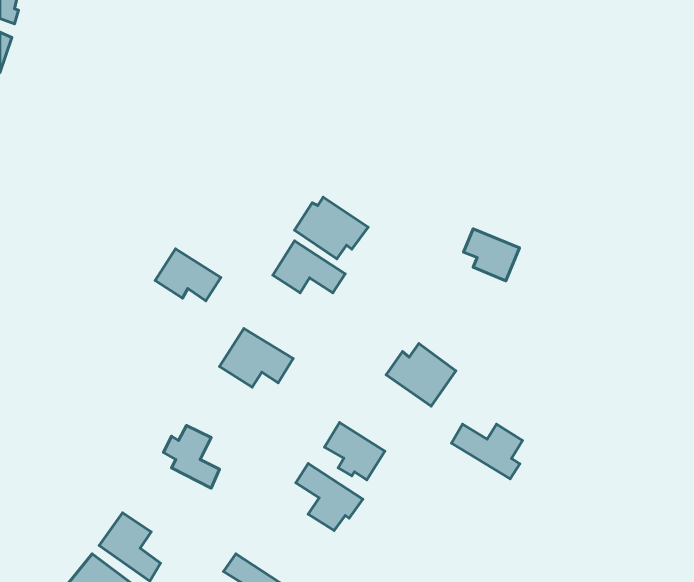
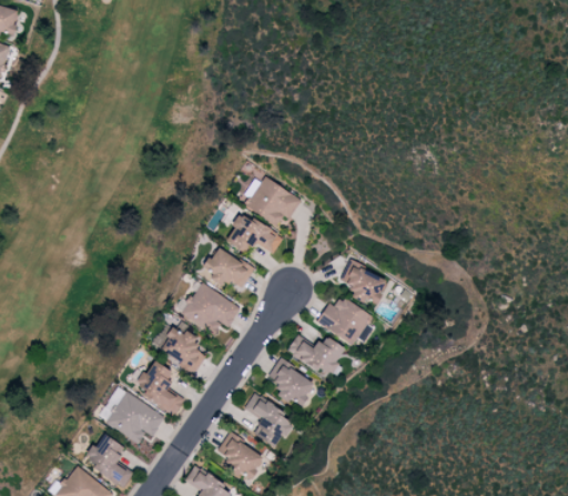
building: [464,229,520,281] -> [342,263,387,305]
building: [155,249,221,301] -> [201,246,254,289]
building: none -> [159,326,203,373]
building: [452,424,523,479] -> [287,335,345,379]
building: none -> [102,386,165,444]
building: none -> [217,434,265,479]

